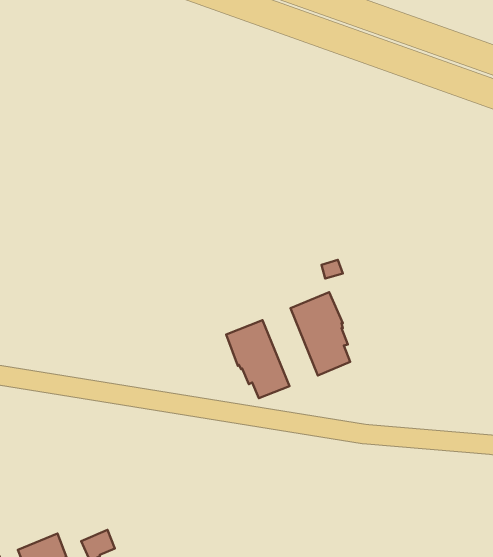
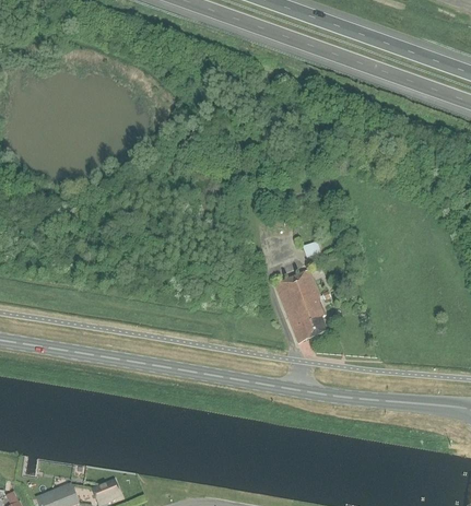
building: [226,320,289,398] -> none

